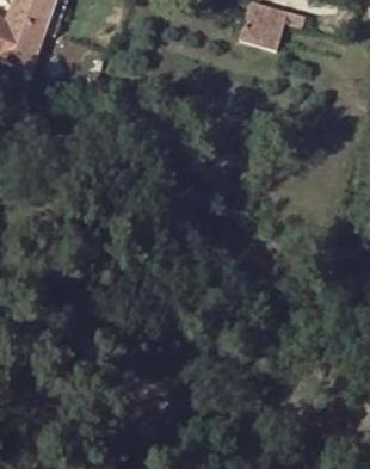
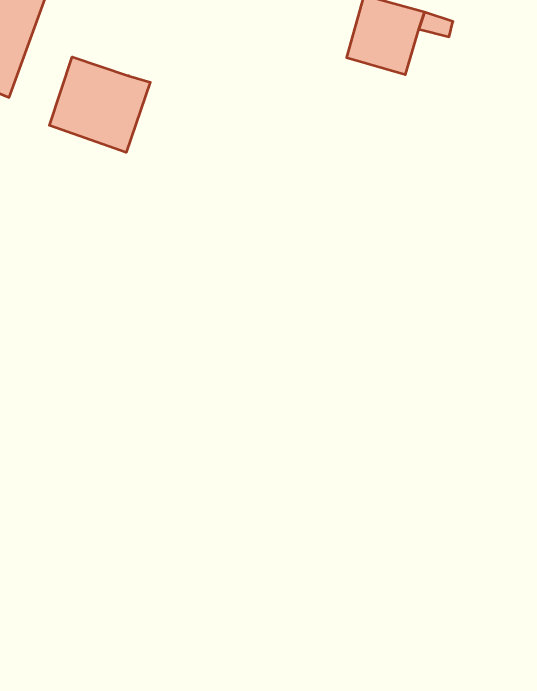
building: none -> [49,57,150,152]

